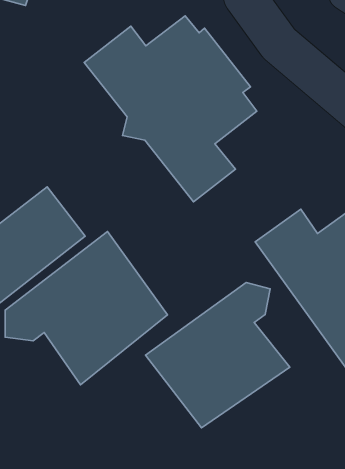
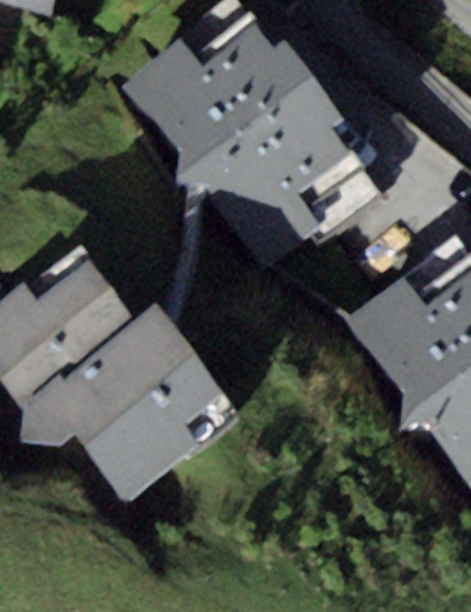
building: [146,282,290,428] -> none

